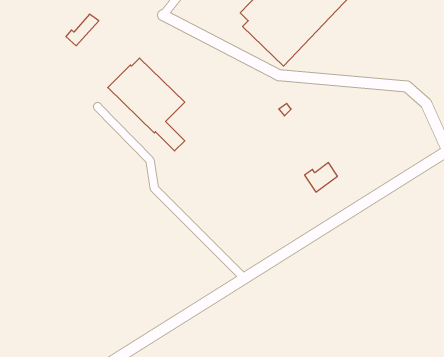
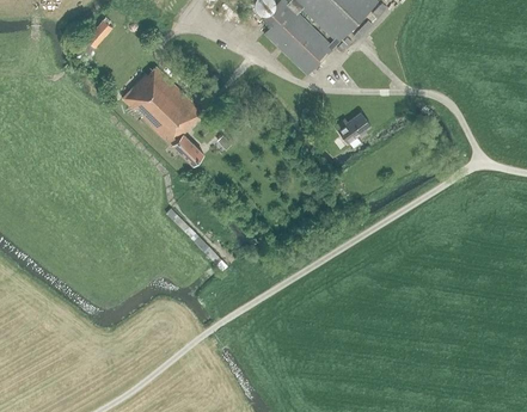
building: [305,163,337,192] -> [336,112,370,143]

